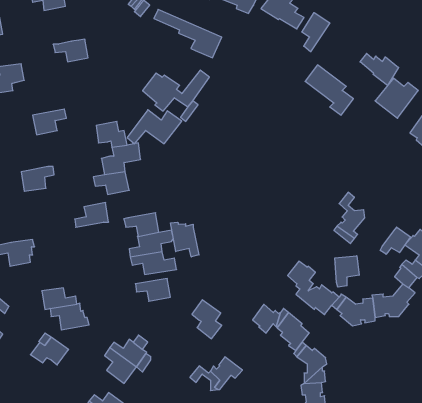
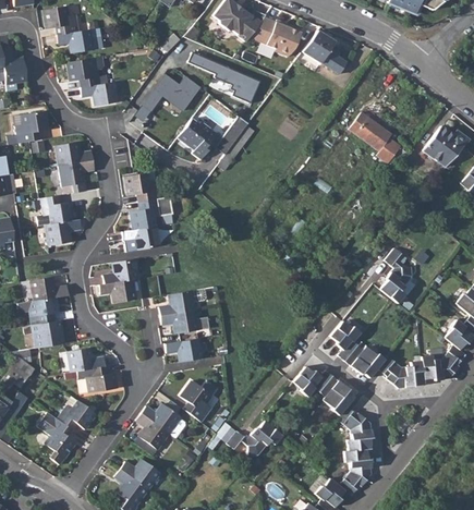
building: [302,13,330,52] -> none
building: none -> [69,59,109,90]
building: [360,53,399,85] -> none
building: none -> [57,142,94,166]
building: [127,110,182,144] -> [144,75,202,111]
building: none -> [42,196,76,224]
building: [124,213,159,236] -> [101,279,138,304]
building: none -> [34,276,72,301]
building: [171,222,199,257] -> none
building: [380,227,410,254] -> none
building: [335,256,359,287] -> none
building: none -> [36,320,68,349]
building: [192,300,222,339] -> [181,380,212,422]
building: none -> [38,412,76,466]

